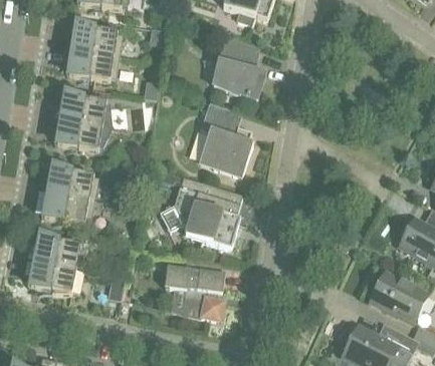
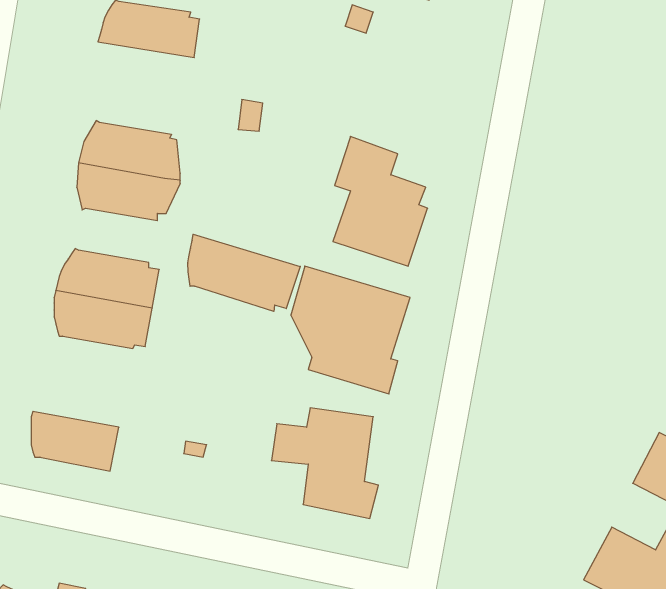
building: [213,37,265,100] -> none
building: [63,48,120,81] -> none
building: none -> [188,234,300,311]
building: [27,236,81,269] -> none

